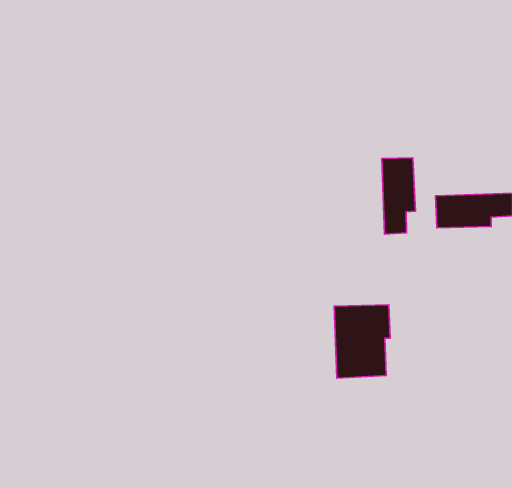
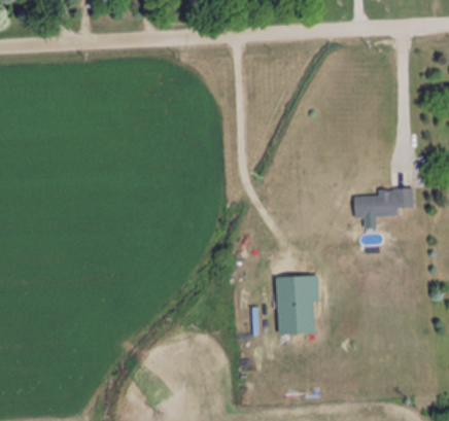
building: [382,158,415,234] -> none

